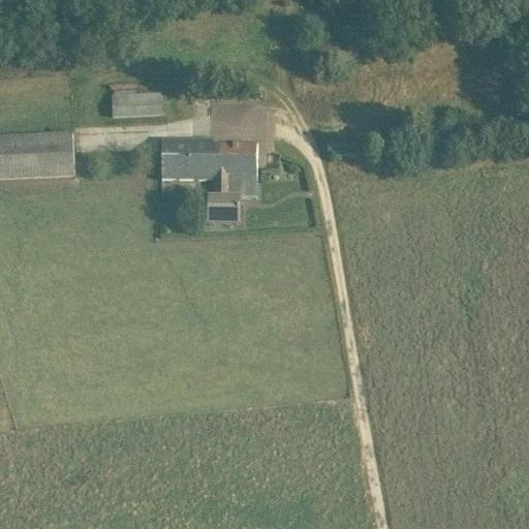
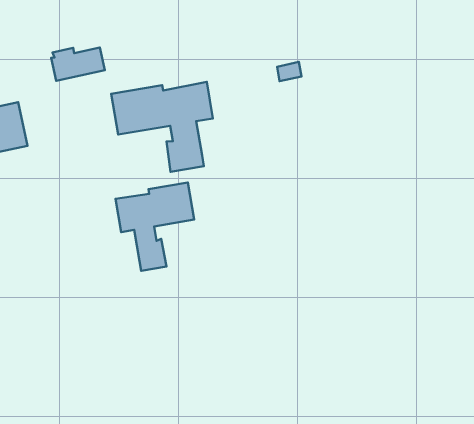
building: none -> [115,182,194,271]

